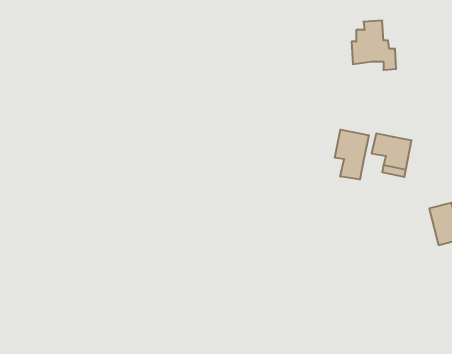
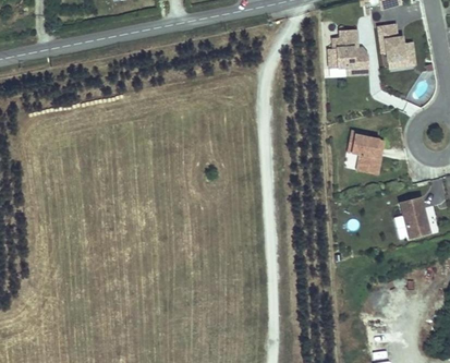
building: none -> [377,23,413,66]
building: [335,130,369,180] -> none

